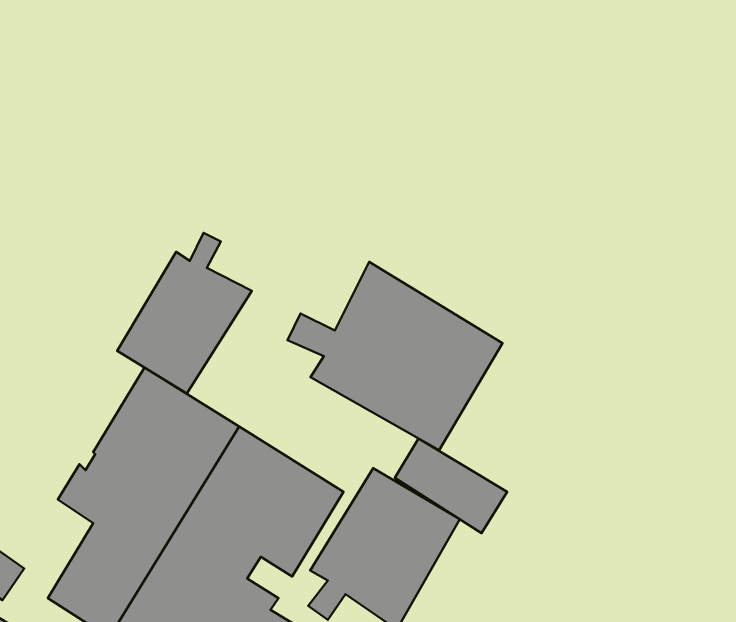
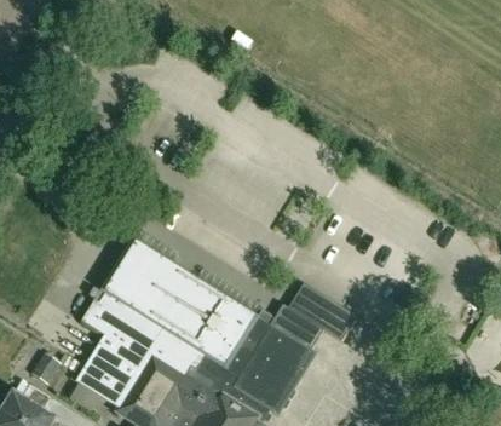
building: [117,233,252,394] -> none
building: [287,262,502,450] -> none

